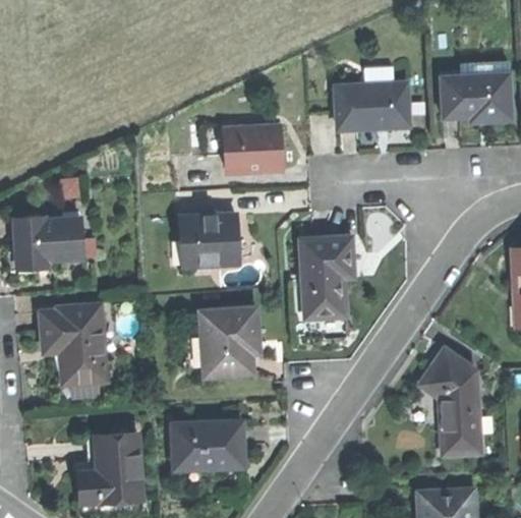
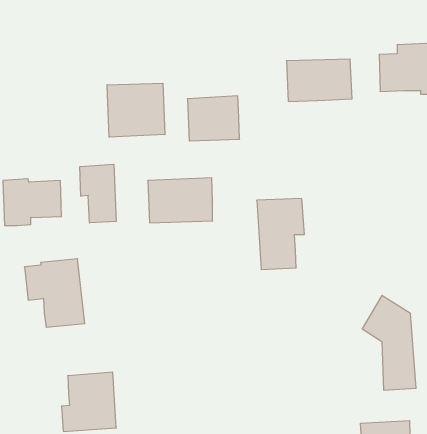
building: none -> [107,83,165,137]
building: none -> [80,164,116,223]
building: [200,308,258,377] -> none
building: [172,420,244,470] -> none

